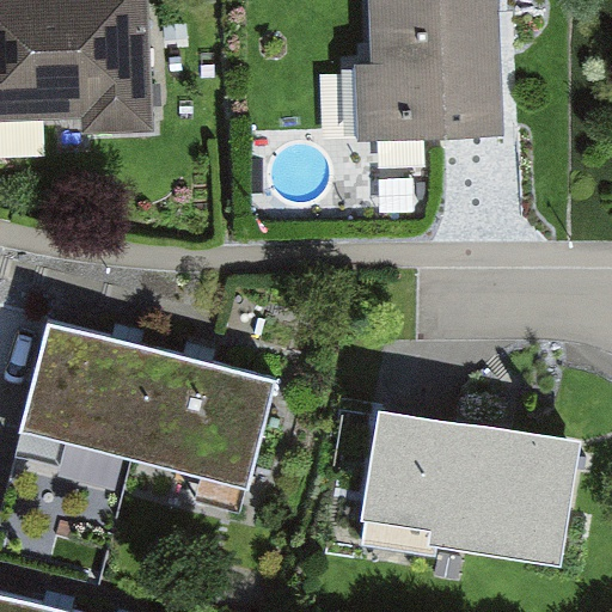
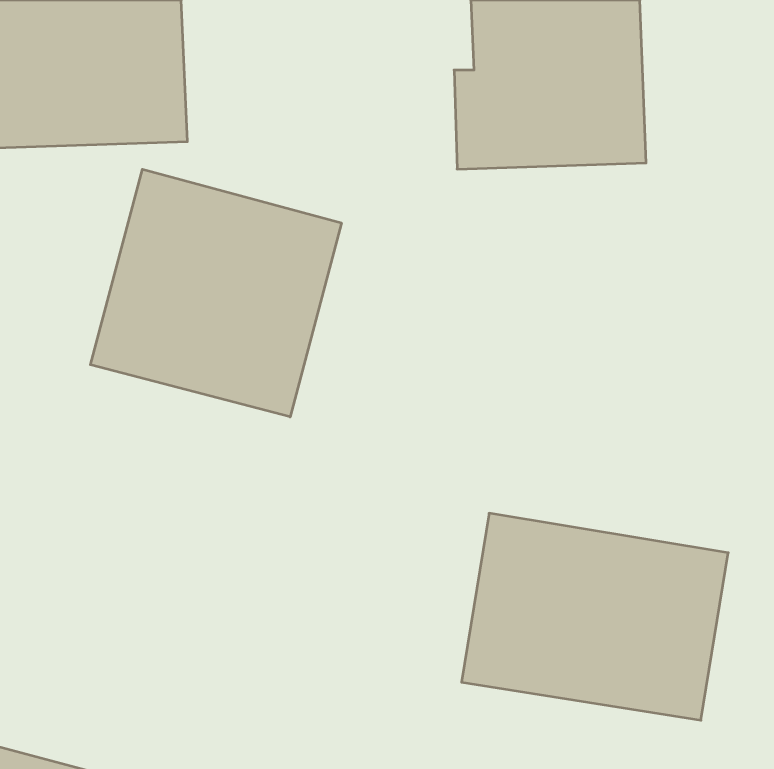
building: none -> [90,169,341,417]
building: [18,317,269,488] -> none

